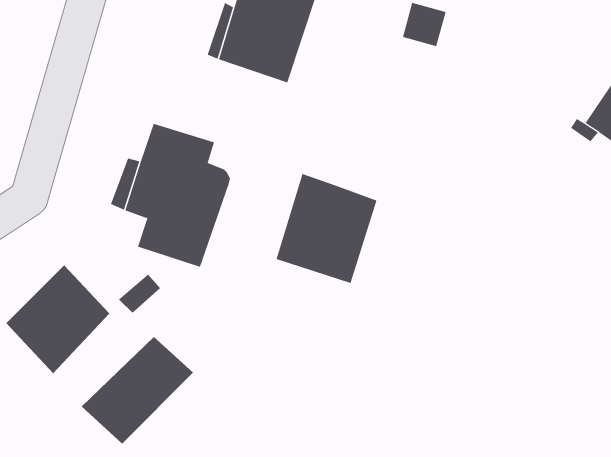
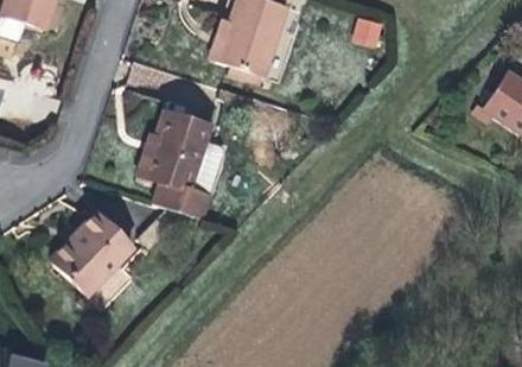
building: [276,173,377,284] -> none
building: [81,336,194,444] -> none

